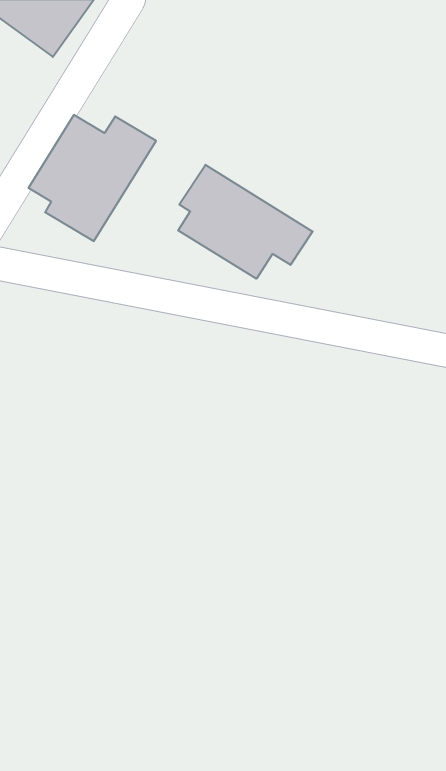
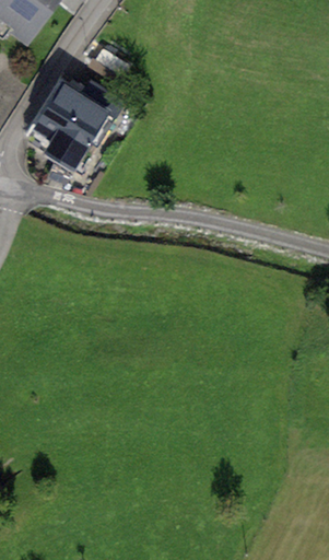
building: [178,165,313,279] -> none

